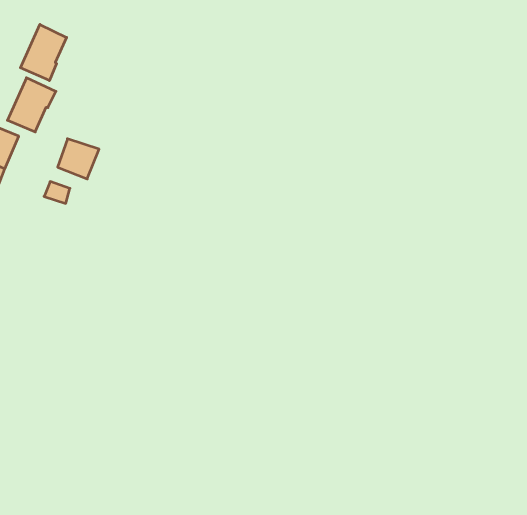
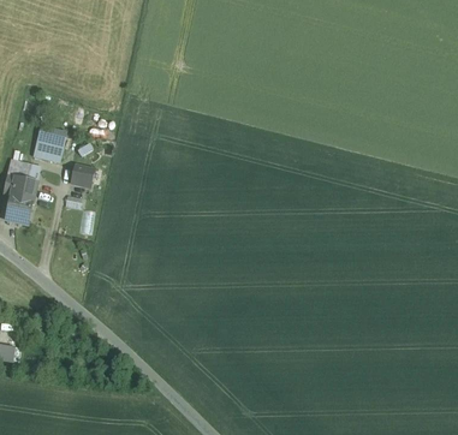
building: [20,24,67,81] -> none

